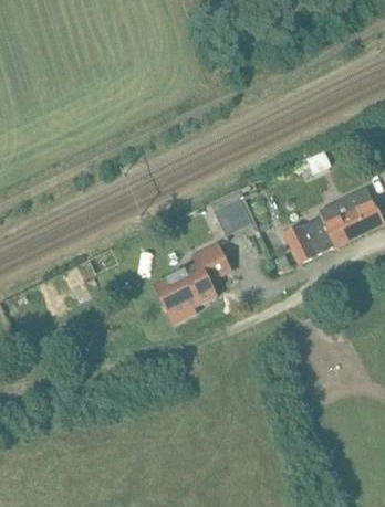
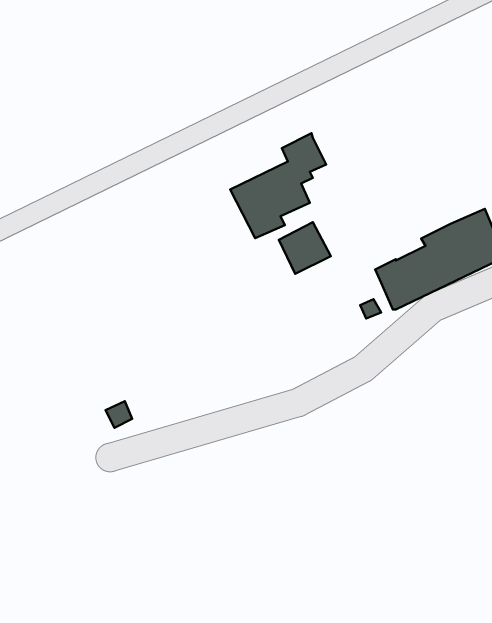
building: [156,243,228,321] -> [230,133,326,238]

